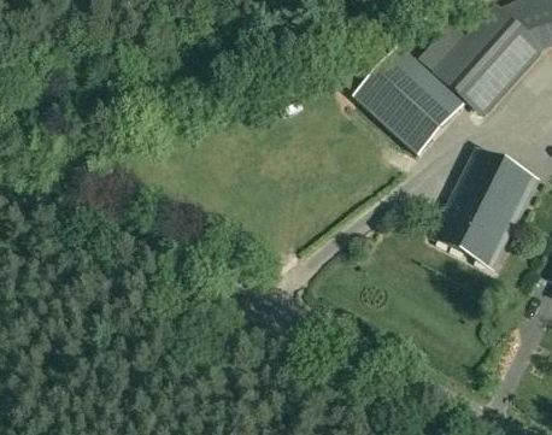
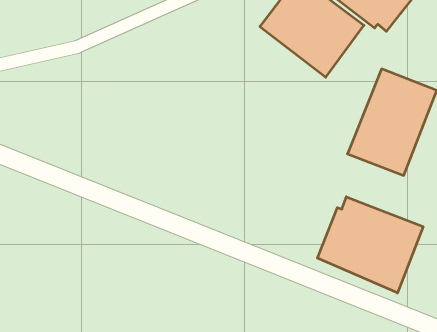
building: none -> [317,197,423,293]

